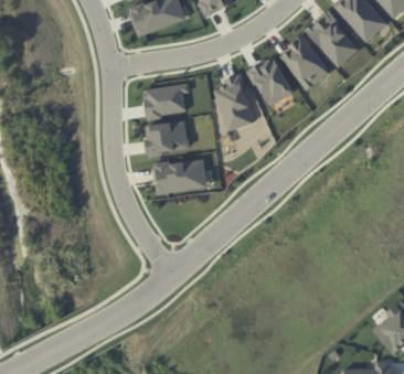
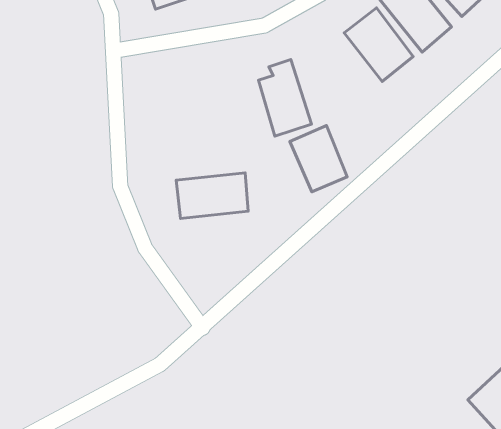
building: [248,56,291,106] -> [290,125,347,192]
building: [143,84,189,118] -> none
building: [143,120,189,154] -> none

